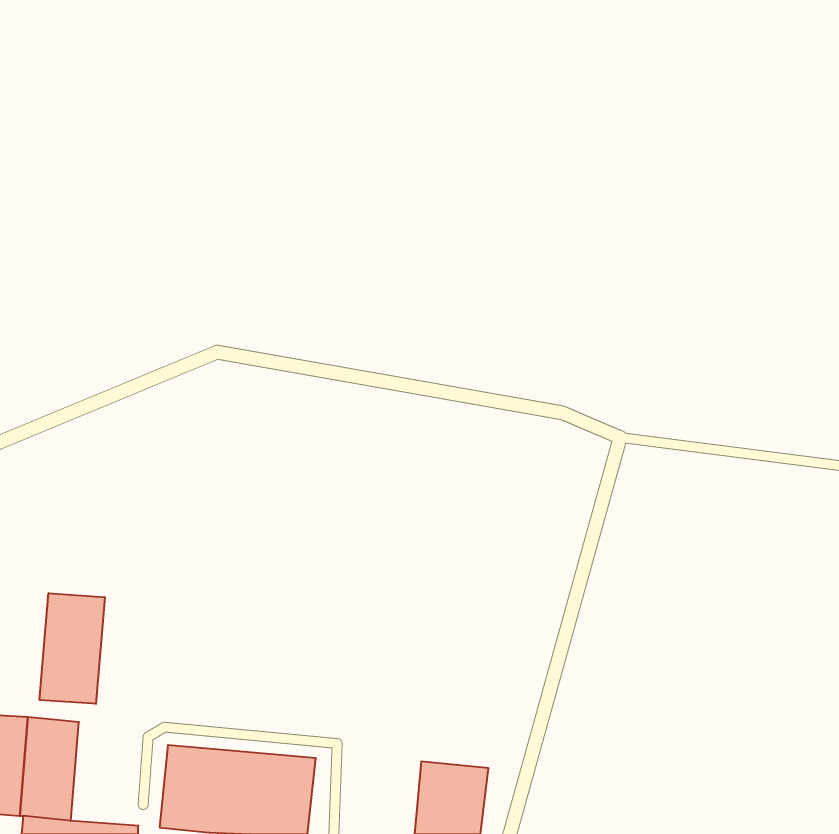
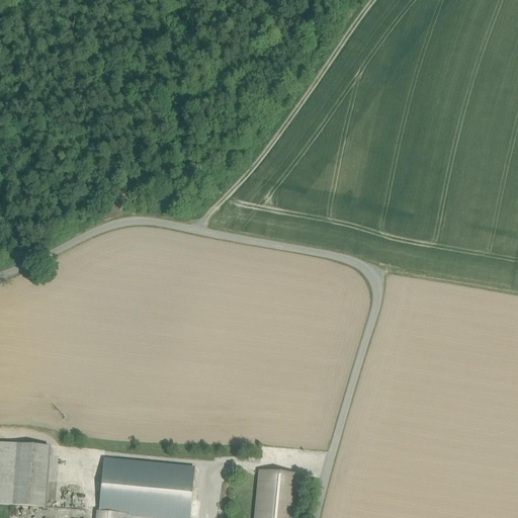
building: [40,593,105,704] -> none

